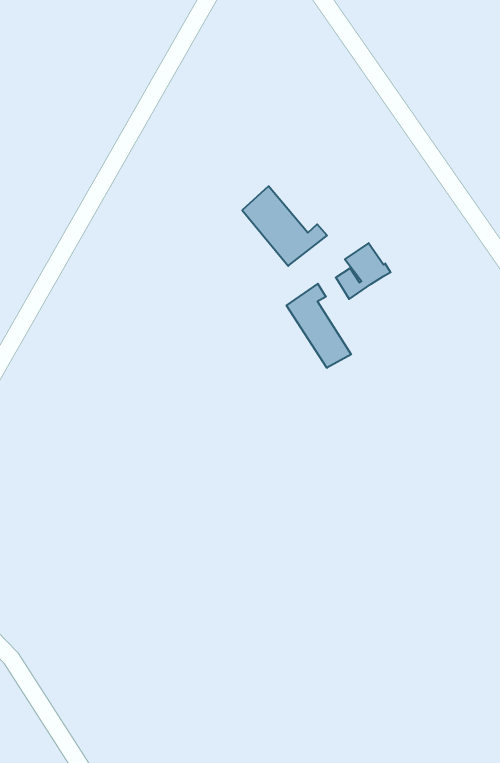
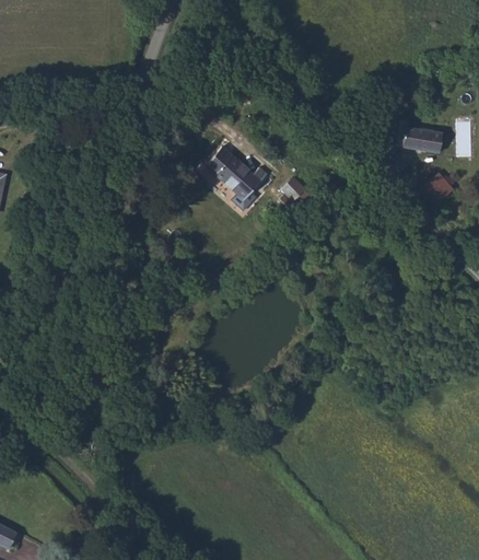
building: [287,284,351,368] -> none

